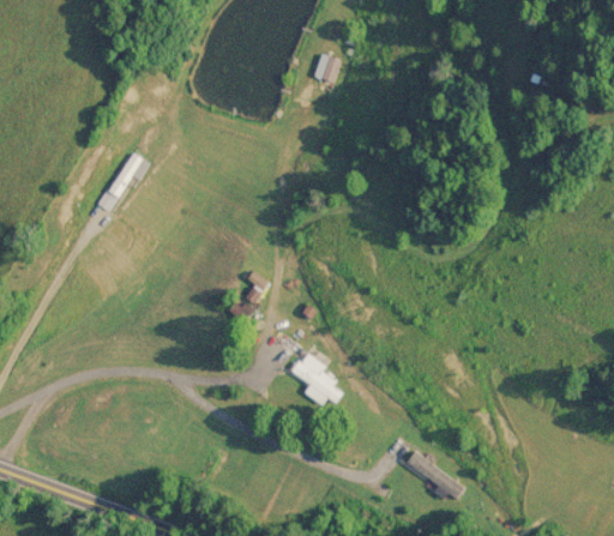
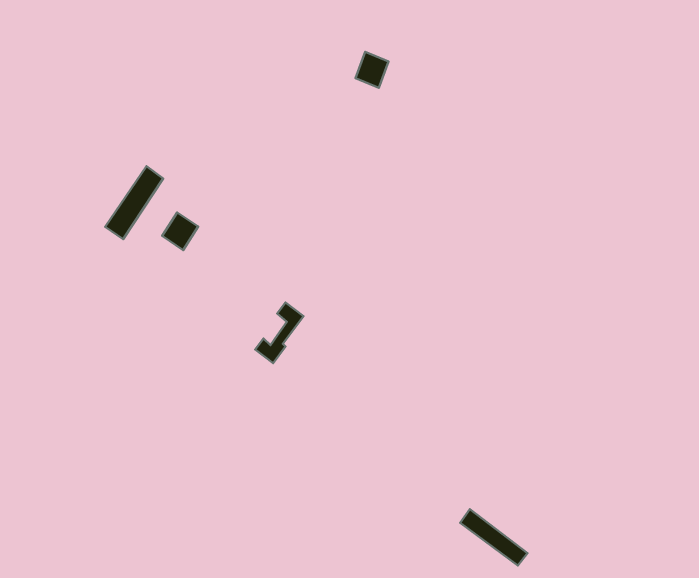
building: none -> [162,212,198,250]
building: [290,354,348,404] -> none

